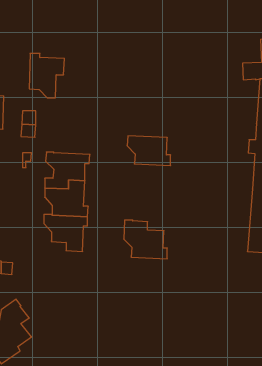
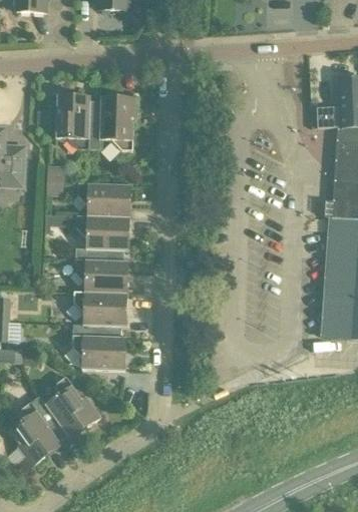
building: none -> [88,95,138,149]
building: [127,136,171,166] -> [77,181,130,217]
building: [124,220,167,259] -> [72,323,125,370]
building: none -> [45,375,101,440]

